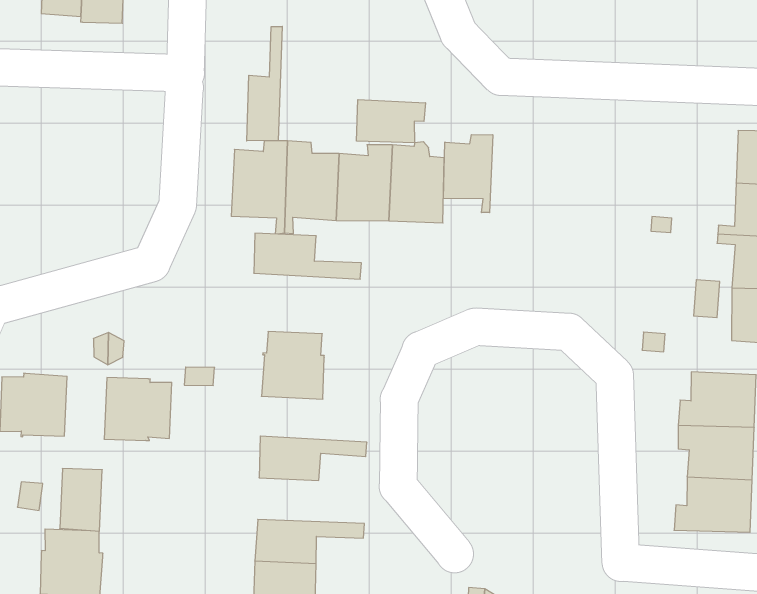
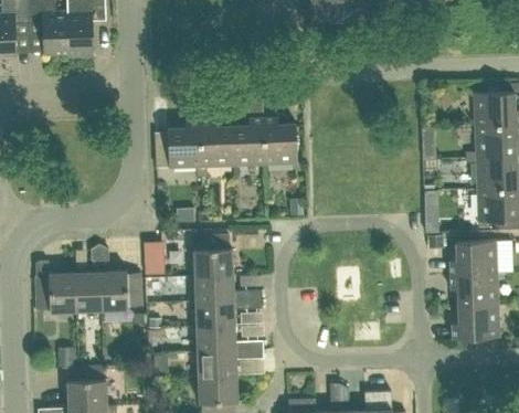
building: [247,26,282,141] -> none
building: [357,100,425,143] -> none
building: [443,135,493,213] -> none
building: [254,233,361,279] -> [195,276,262,301]
building: [60,469,102,531] -> [76,273,102,310]
building: none -> [198,326,264,352]

